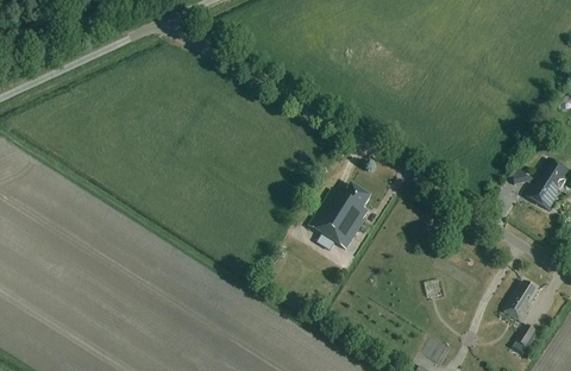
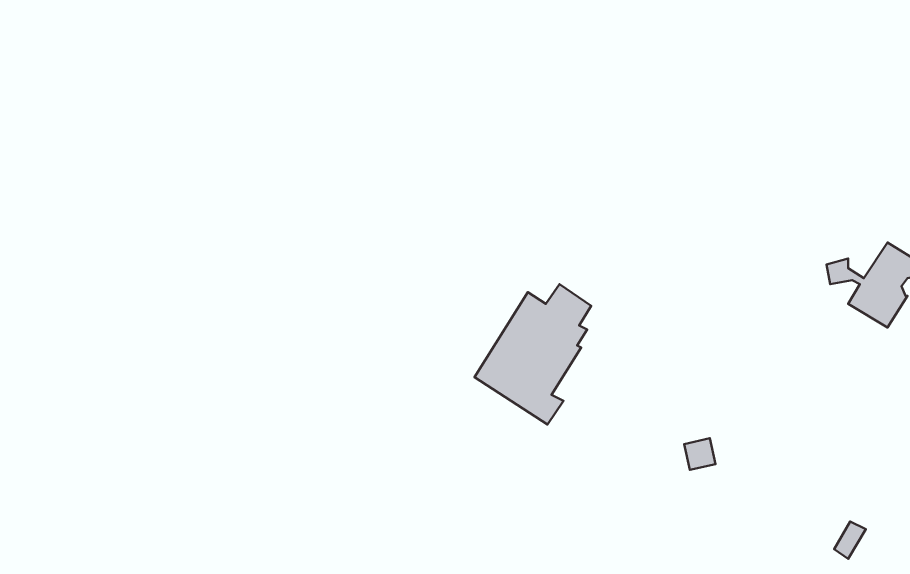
building: [504,281,541,323] -> none

